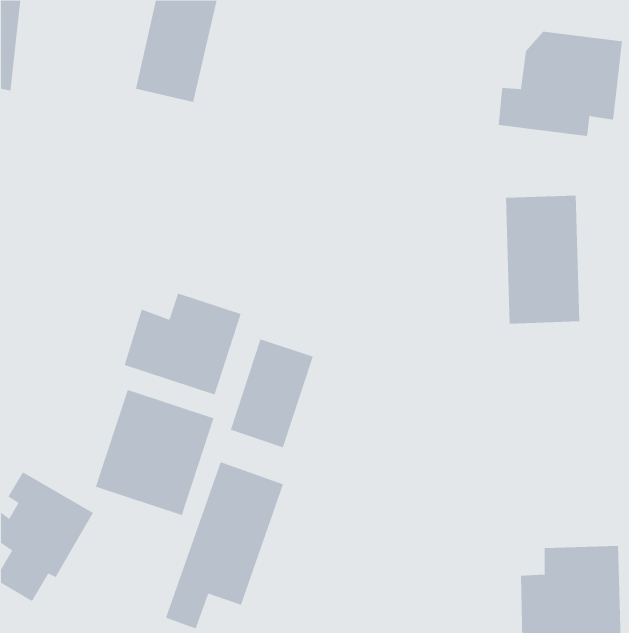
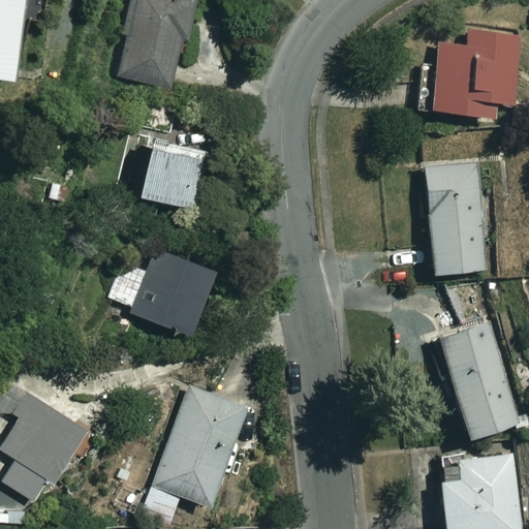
building: none -> [131,144,196,205]
building: [230,338,313,448] -> none
building: none -> [437,320,523,436]
building: [95,389,214,516] -> none

